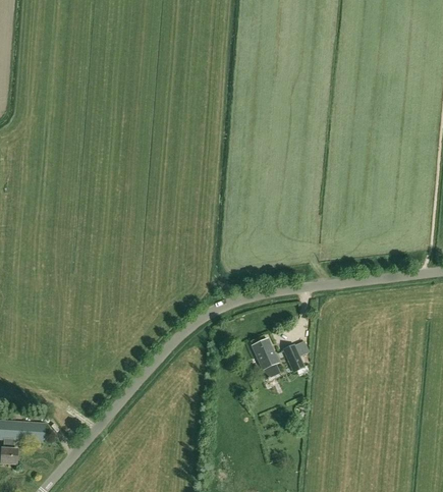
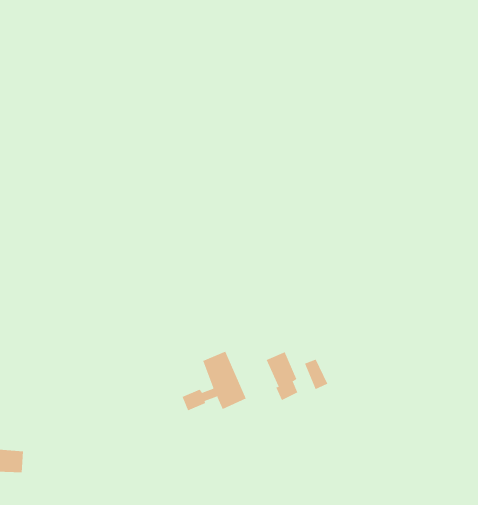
building: none -> [182,351,246,411]

